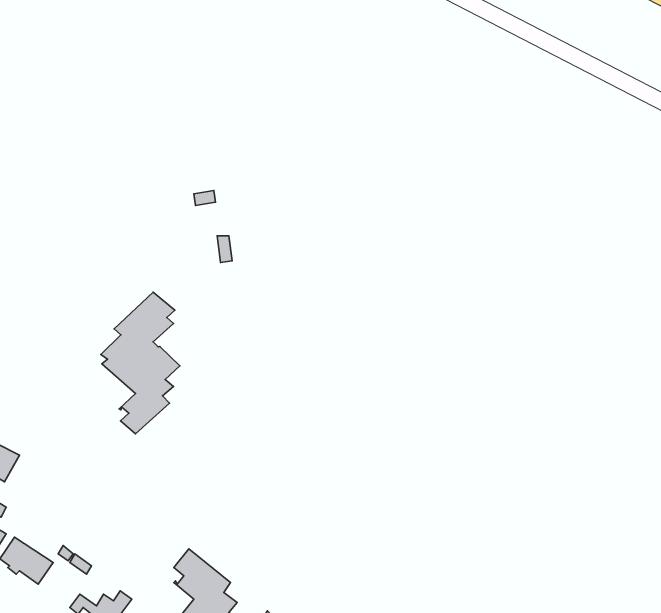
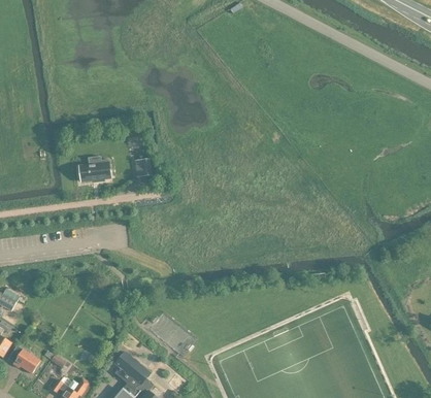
building: none -> [79,156,110,181]
building: [101,292,180,434] -> none

